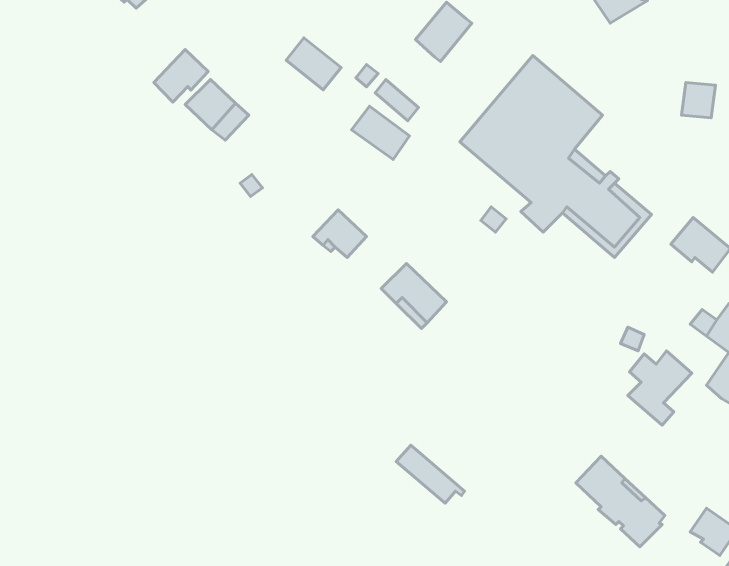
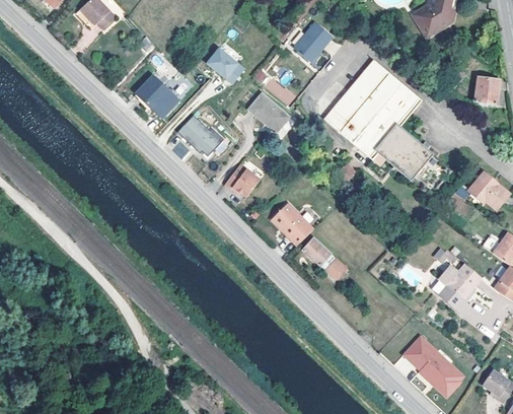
building: [154,49,208,102] -> none
building: none -> [177,115,224,157]
building: [396,445,464,503] -> [303,238,350,278]

